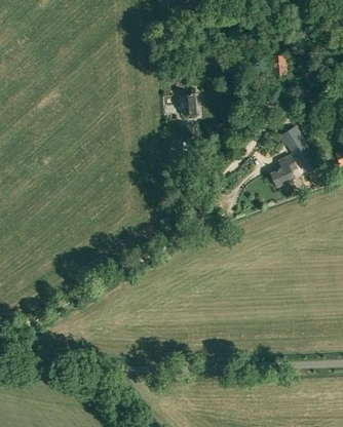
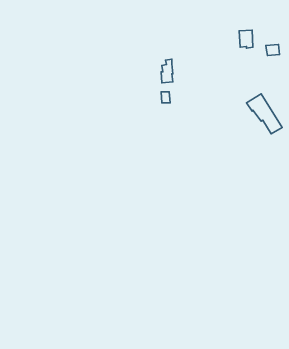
building: [271,155,297,186] -> none

